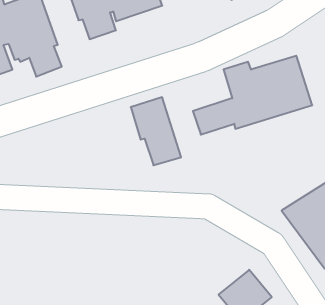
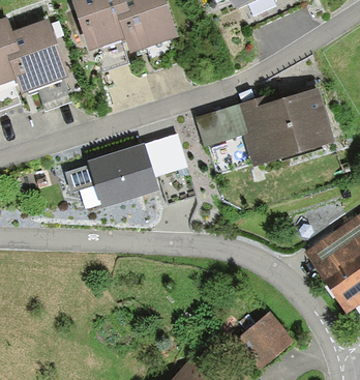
building: none -> [193,103,250,148]
building: none -> [66,142,158,207]

